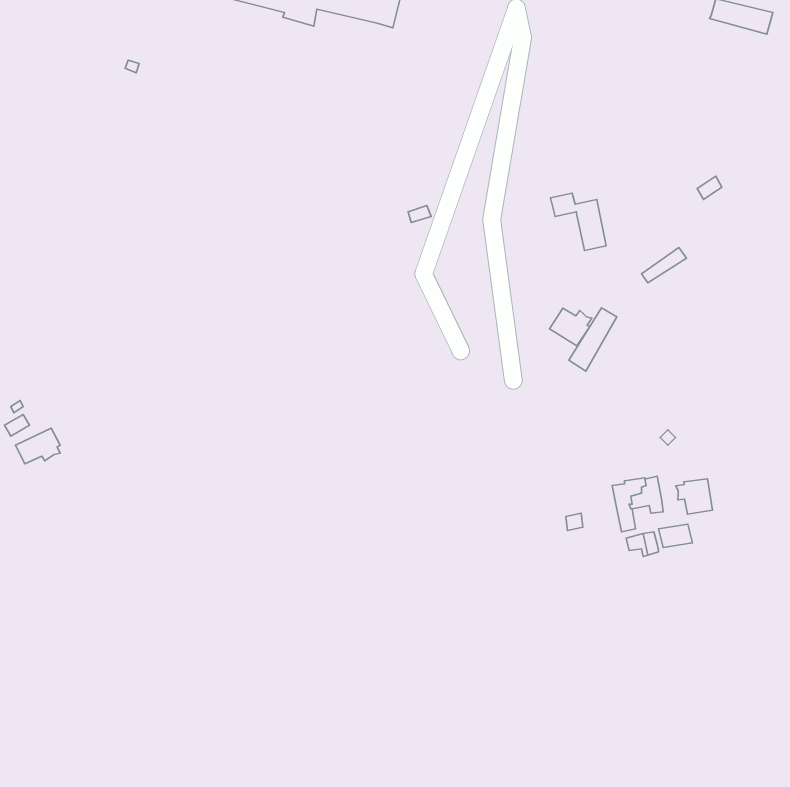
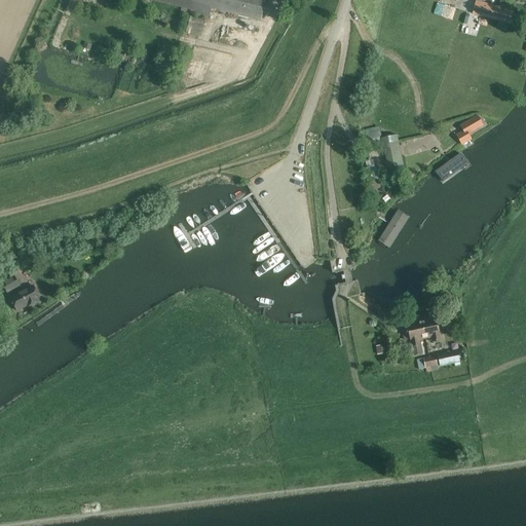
building: [550,308,592,346] -> none
building: [676,479,713,514] -> none

